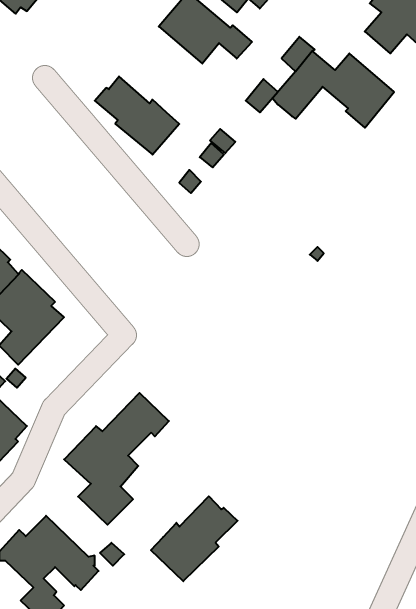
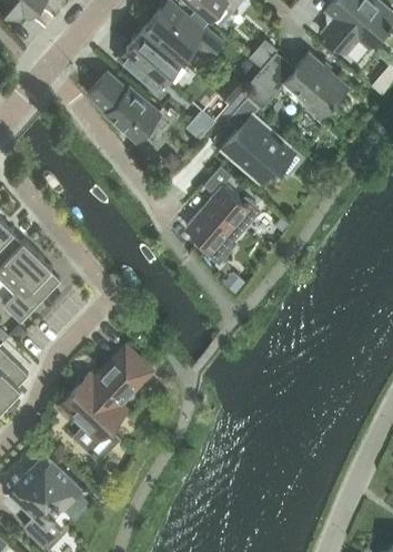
building: none -> [118,30,181,91]
building: none -> [222,98,303,183]
building: none -> [187,166,261,266]
building: [151,496,238,581] -> none

